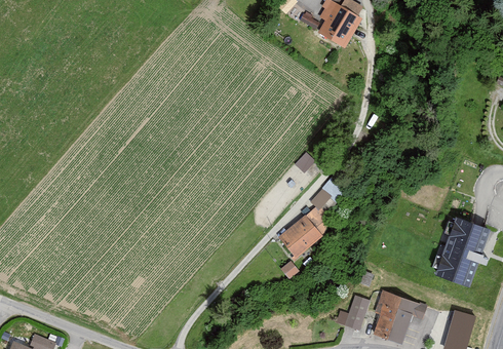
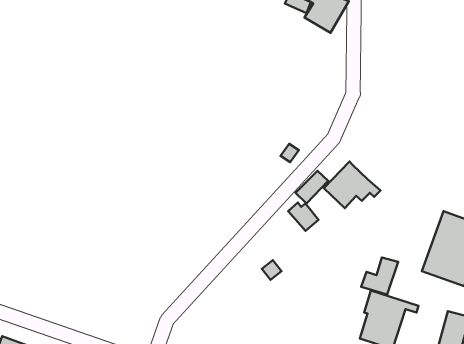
building: none -> [324,162,380,208]
building: [277,215,321,258] -> none
building: [336,296,371,331] -> [361,258,398,295]

